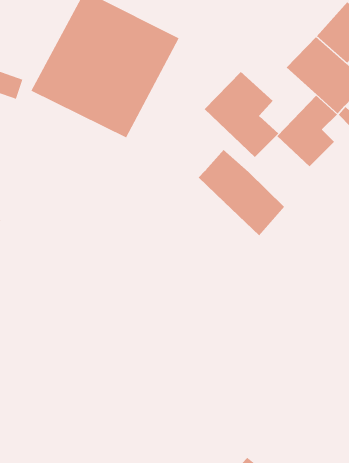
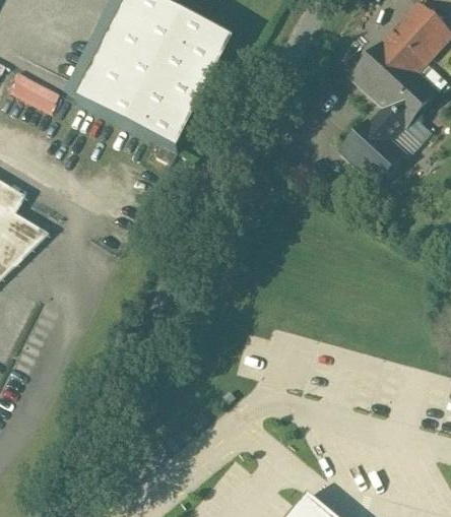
building: [204,71,279,158] -> none
building: [198,149,285,236] -> none

